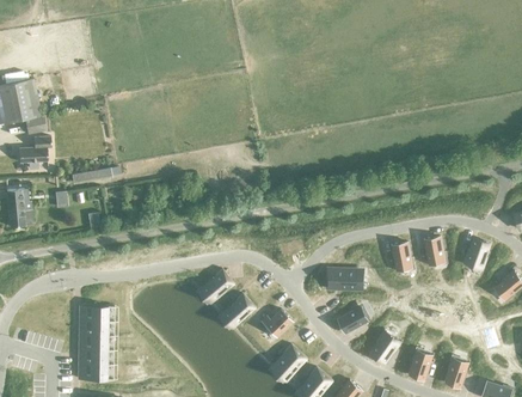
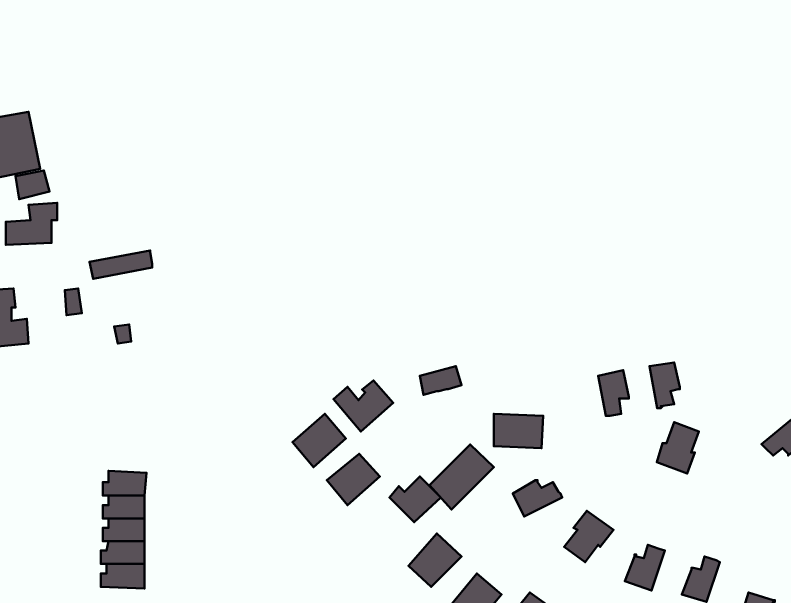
building: [463,238,490,270] -> [657,422,699,473]
building: none -> [333,381,393,432]
building: none -> [430,445,494,509]

